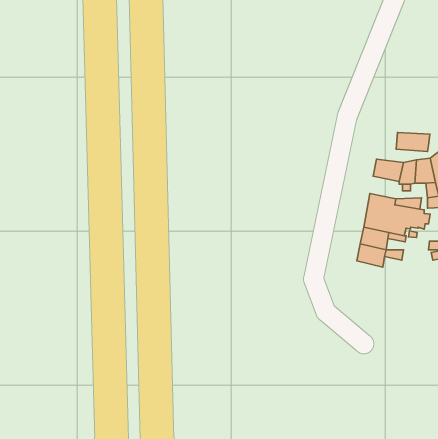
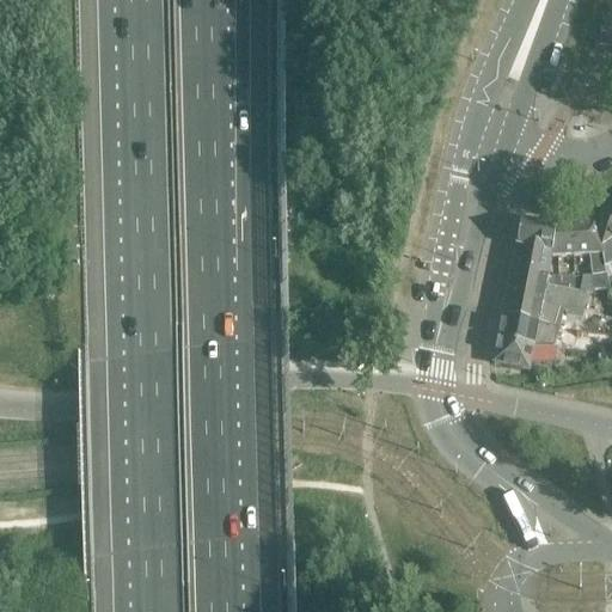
building: [396,132,430,152] -> none
building: none -> [516,244,557,275]

